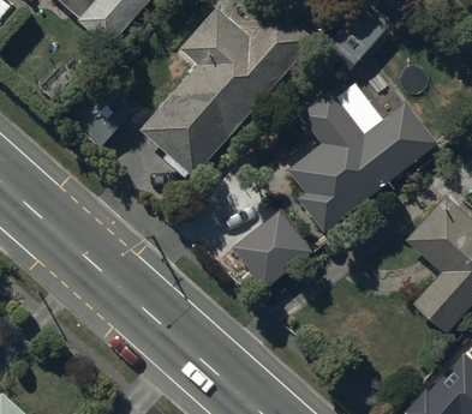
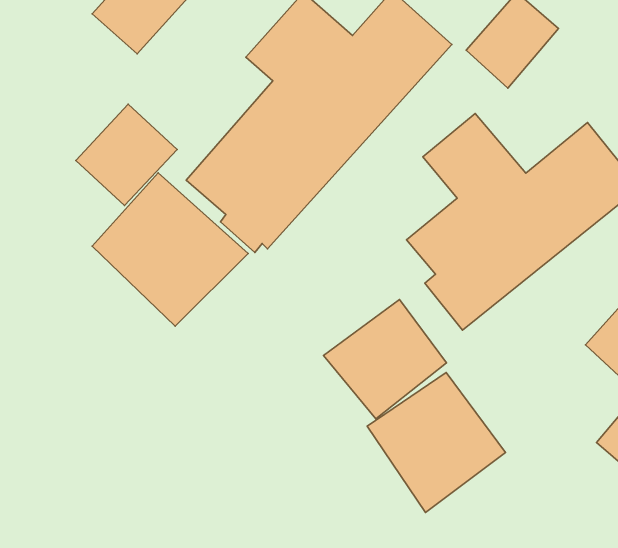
building: none -> [92,173,248,326]
building: none -> [367,372,506,513]

